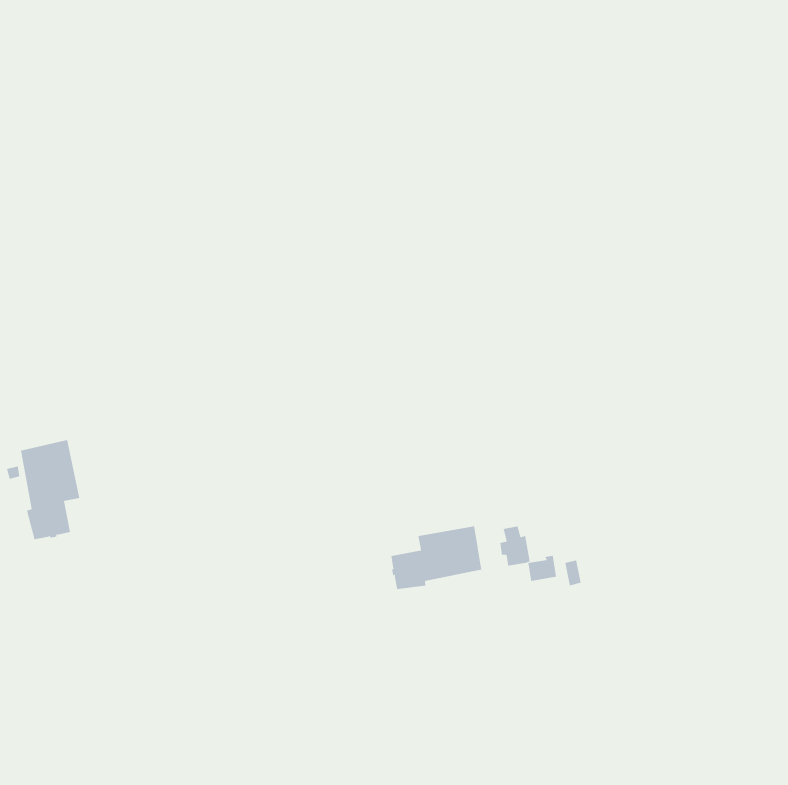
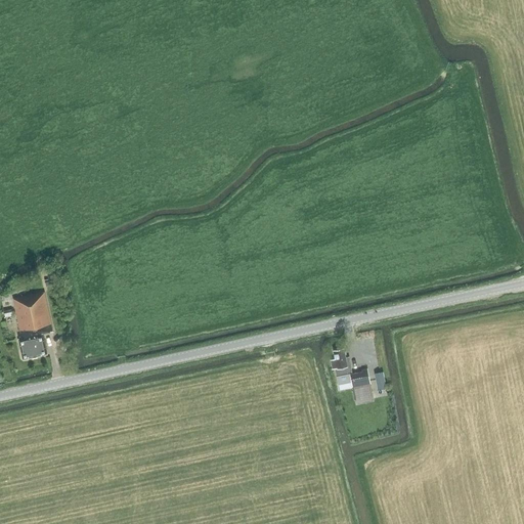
building: [391,526,482,590] -> none

